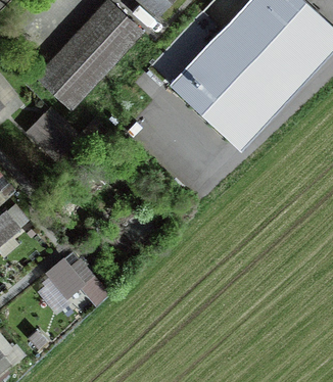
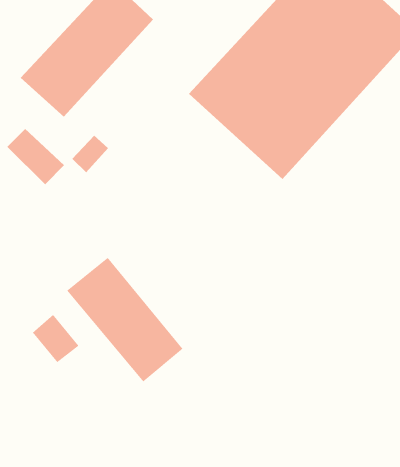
building: none -> [66,257,183,383]

